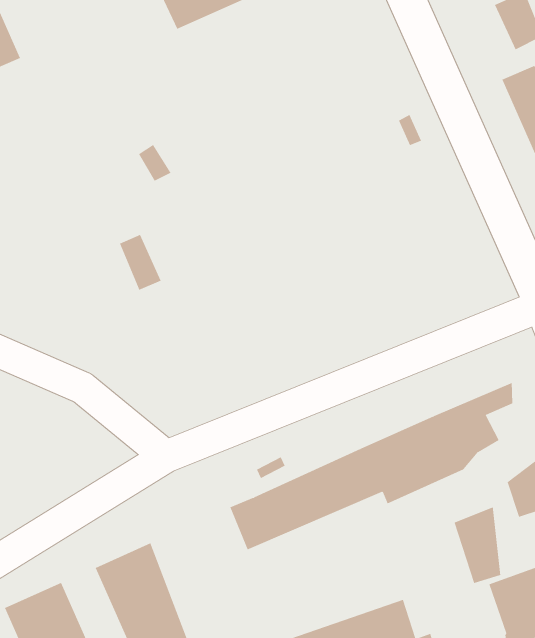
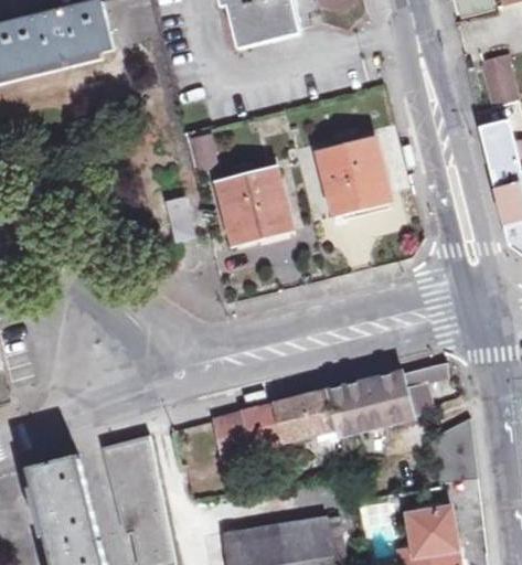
building: none -> [319,141,387,210]
building: none -> [220,170,287,238]
building: [454,507,501,584] -> none

